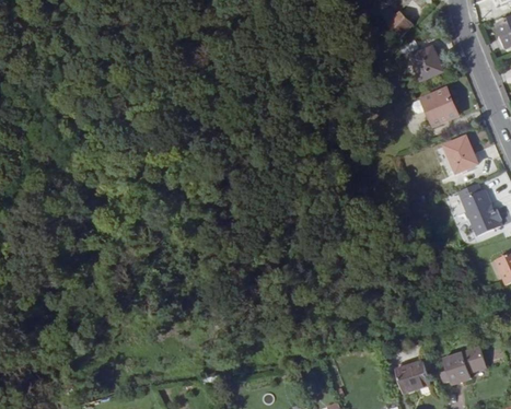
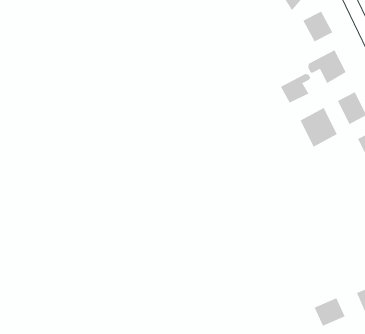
building: none -> [280,73,311,104]
building: none -> [300,107,338,147]

